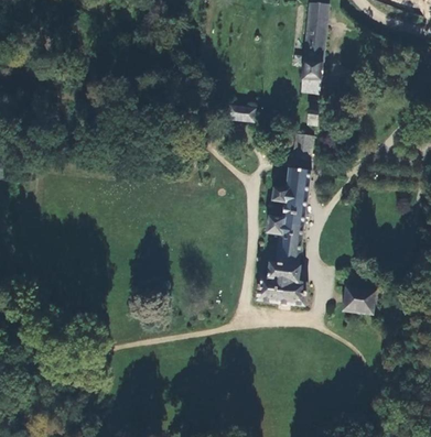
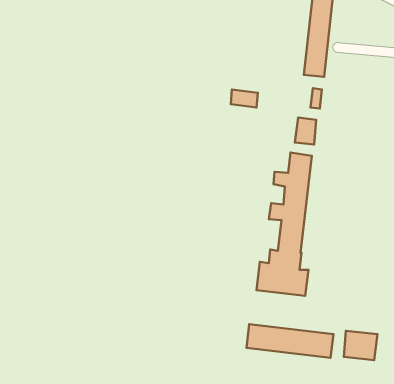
building: [341,285,374,314] -> [344,331,377,360]
building: none -> [246,324,333,358]

